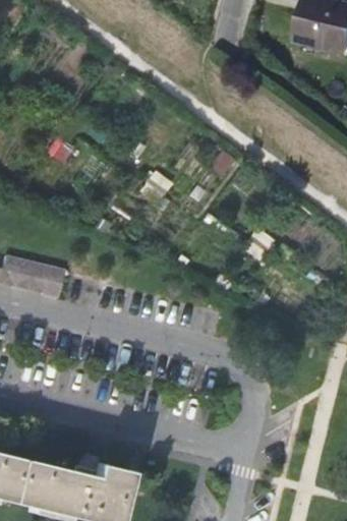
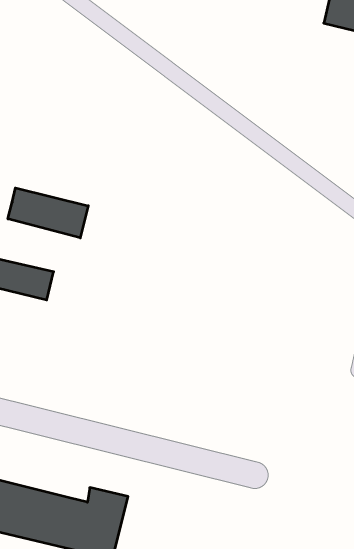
building: none -> [8,188,88,238]

